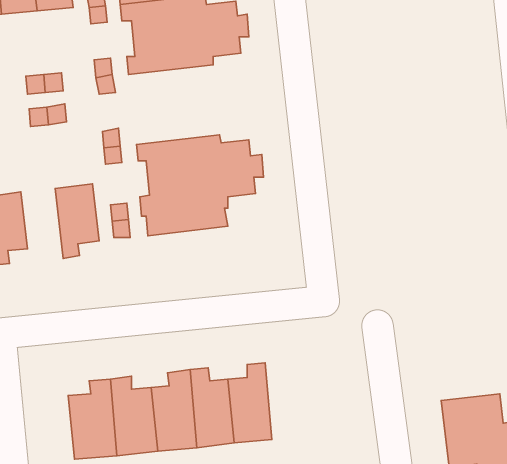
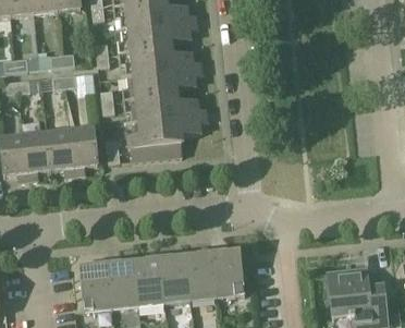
building: none -> [118,48,204,101]
building: none -> [46,131,74,179]
building: none -> [209,245,244,299]

